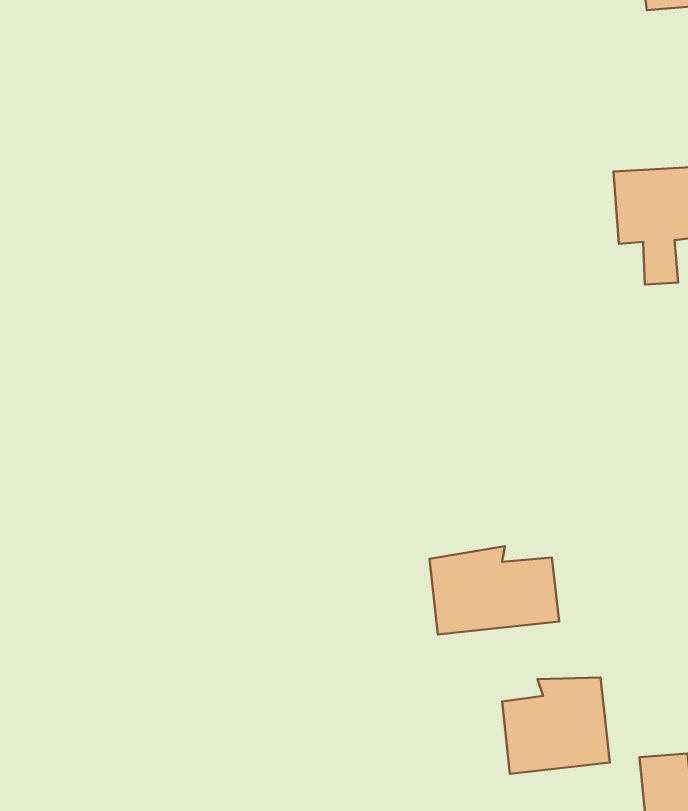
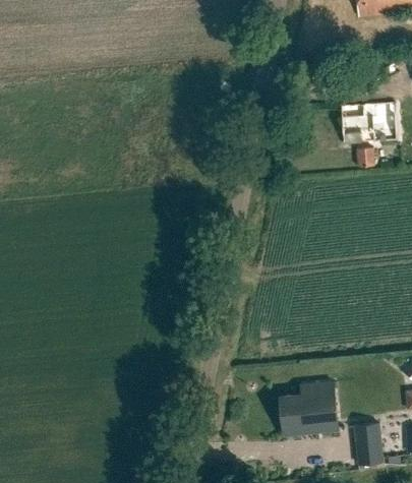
building: [430,546,559,634] -> none

